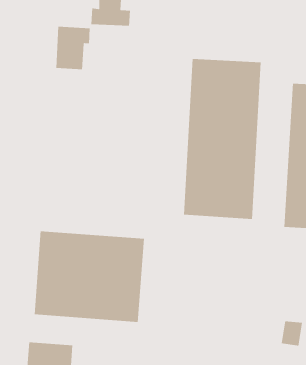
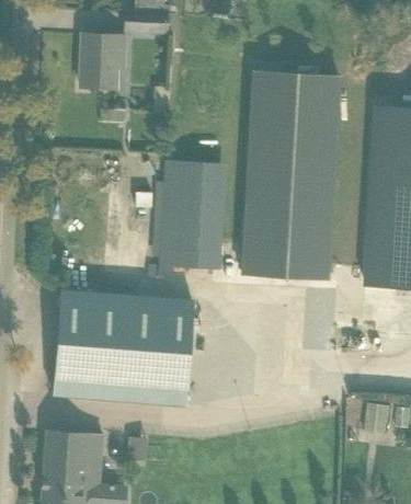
building: none -> [157,161,225,275]

